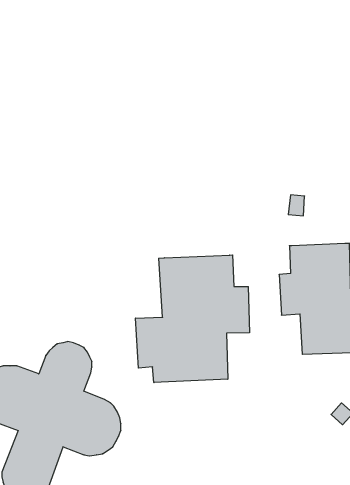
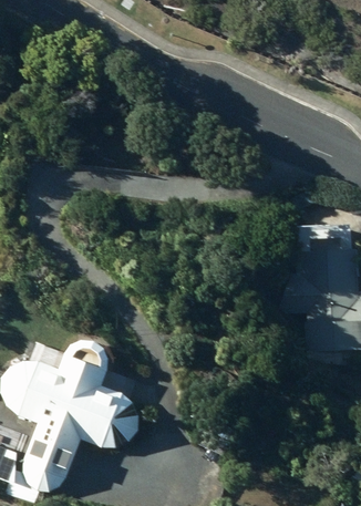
building: [136,255,249,383] -> none

